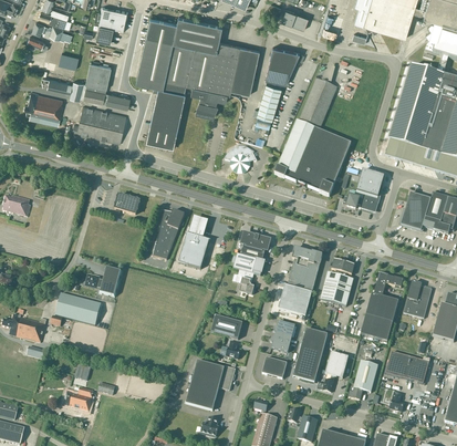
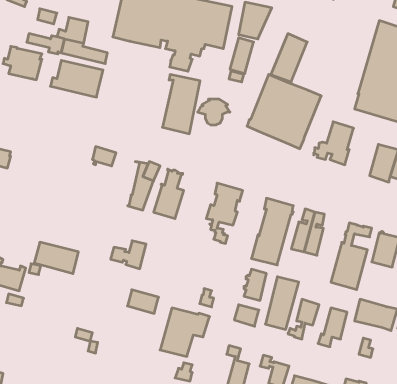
building: [146,85,185,146] -> [162,75,200,134]
building: [84,267,121,295] -> [111,241,146,269]
building: [210,314,242,339] -> [127,290,159,313]
building: [63,386,93,411] -> none

